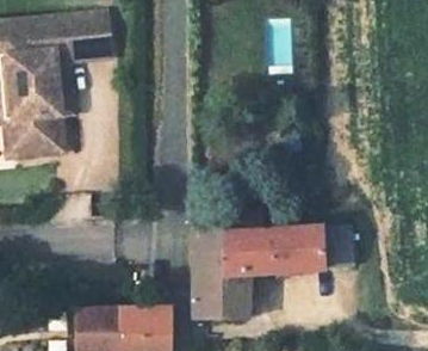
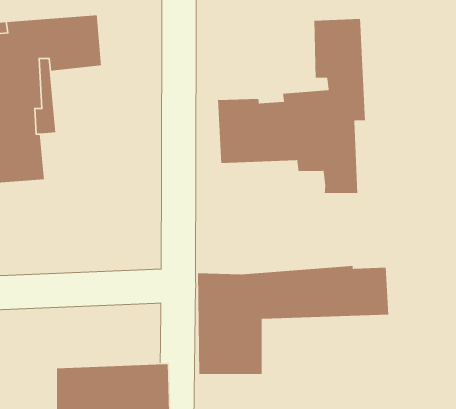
building: none -> [217,18,366,194]

